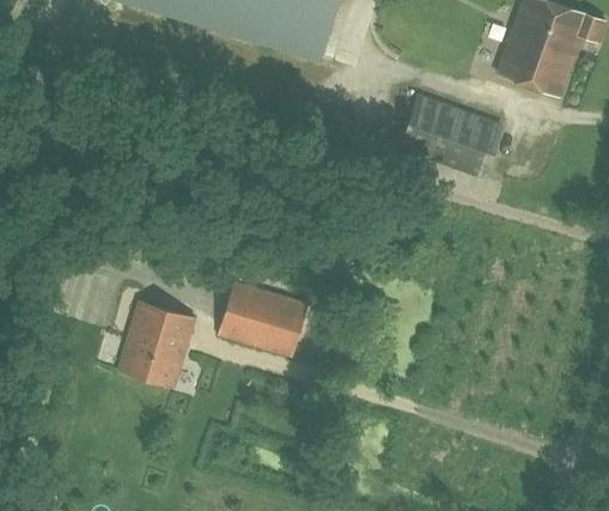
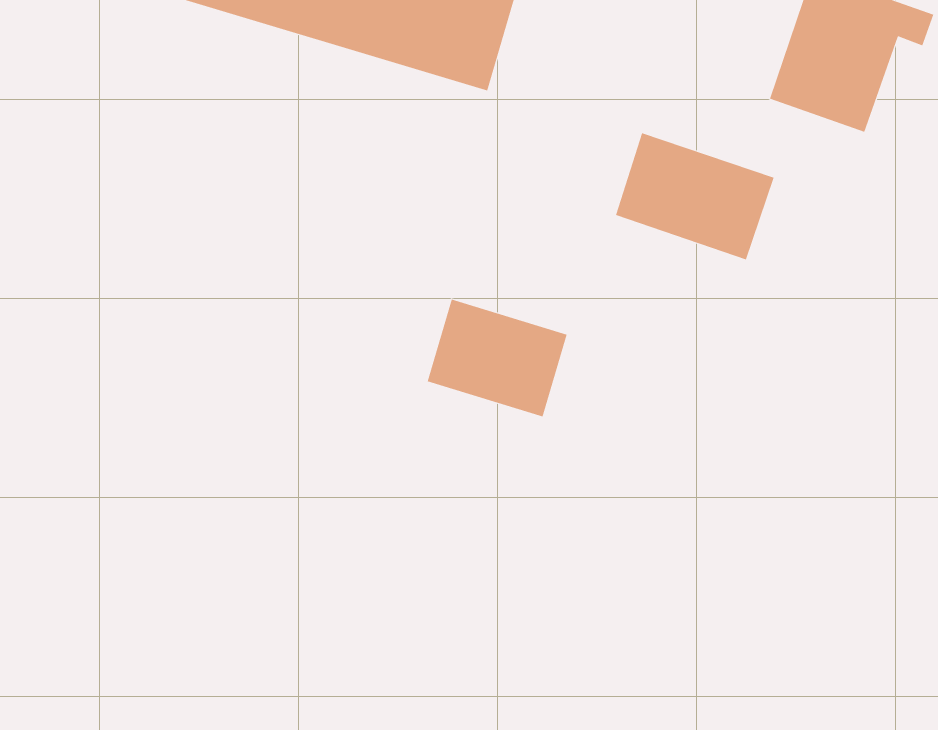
building: [217,280,306,355] -> [427,299,568,417]
building: [117,299,194,385] -> none

